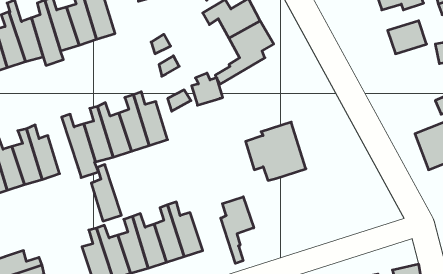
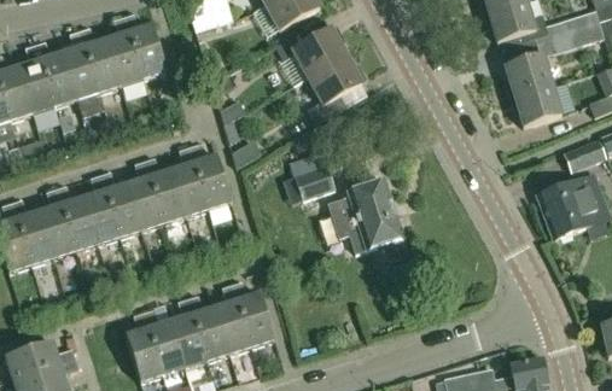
building: none -> [514,83,563,126]
building: [192,73,223,105] -> [296,159,334,199]
building: [91,165,121,221] -> [83,174,121,244]
building: [221,197,254,263] -> none

